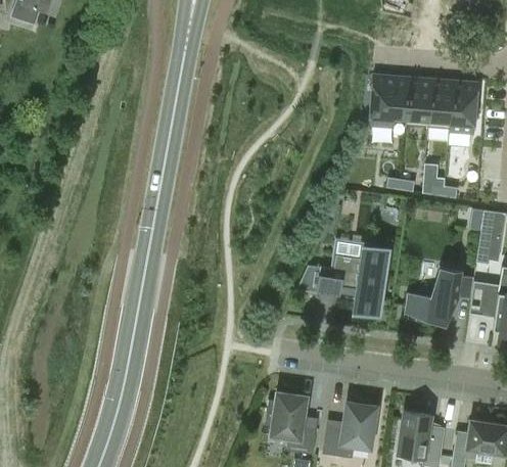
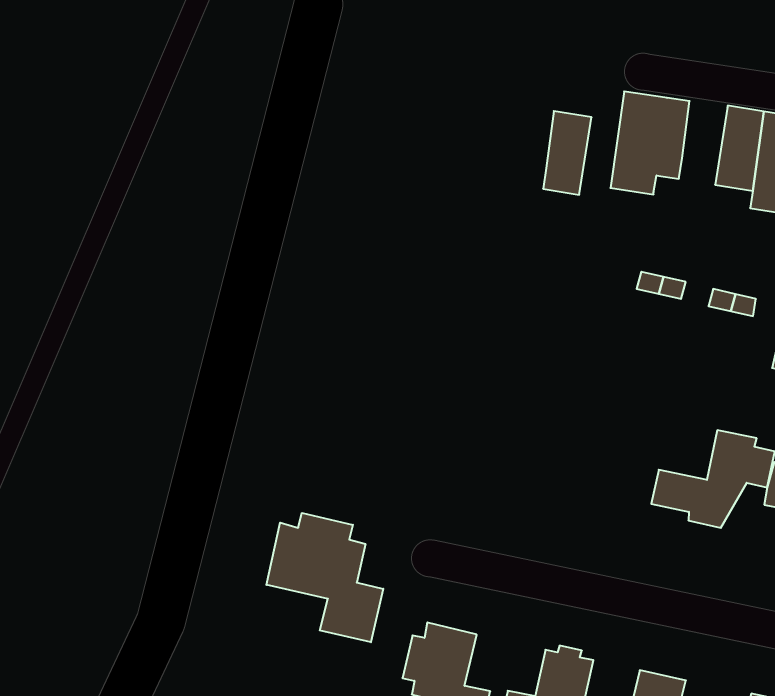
building: [408,76,433,124] -> [543,111,592,195]
building: [317,246,388,315] -> none
building: none -> [266,513,383,642]

